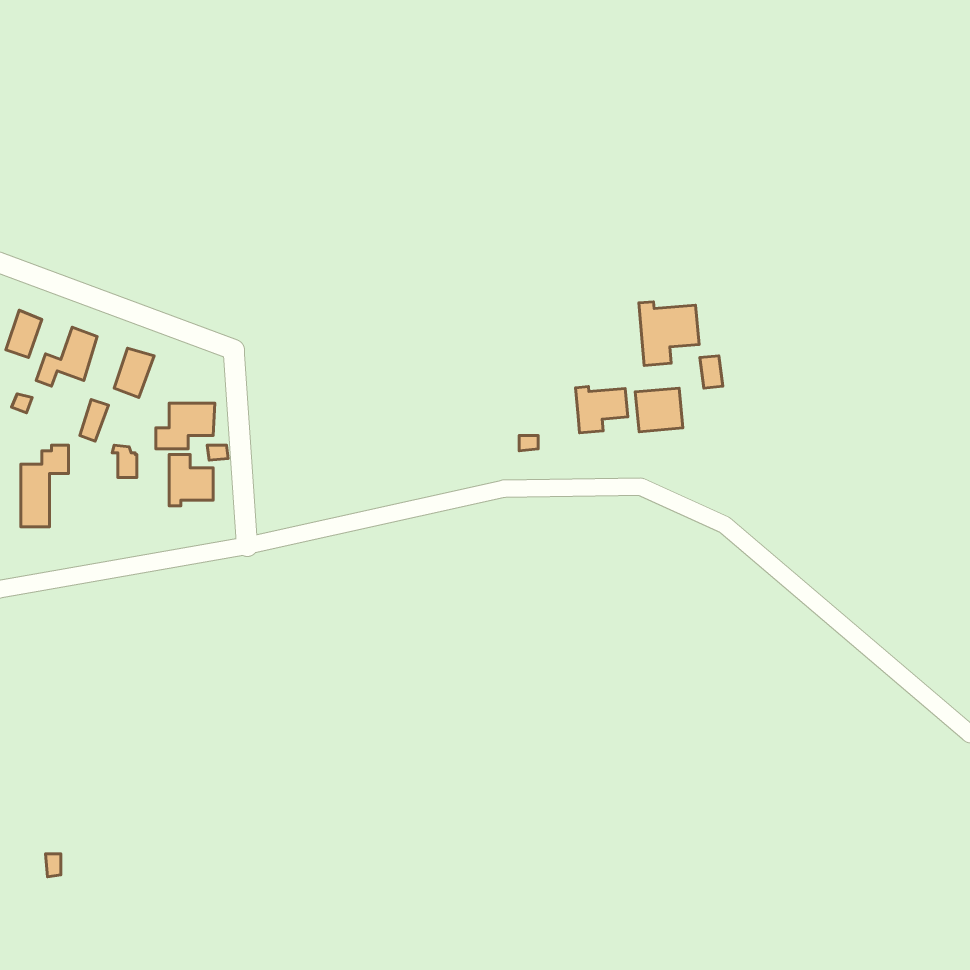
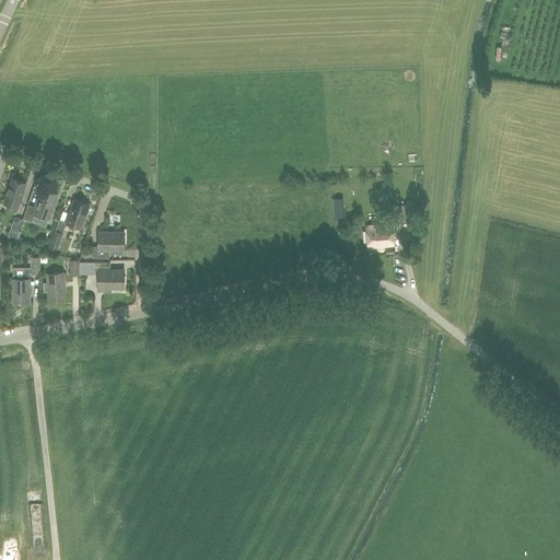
building: [639,302,699,365] -> none
building: [576,387,628,433] -> none
building: none -> [42,273,65,301]

